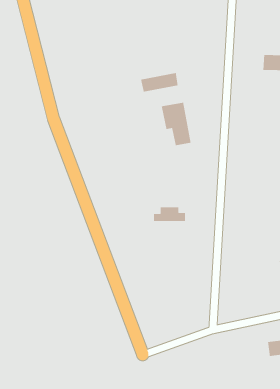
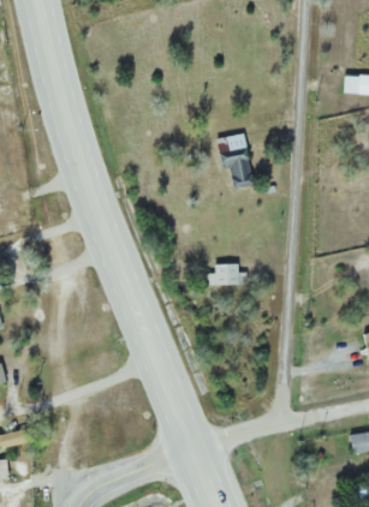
building: [140,72,178,92] -> none

